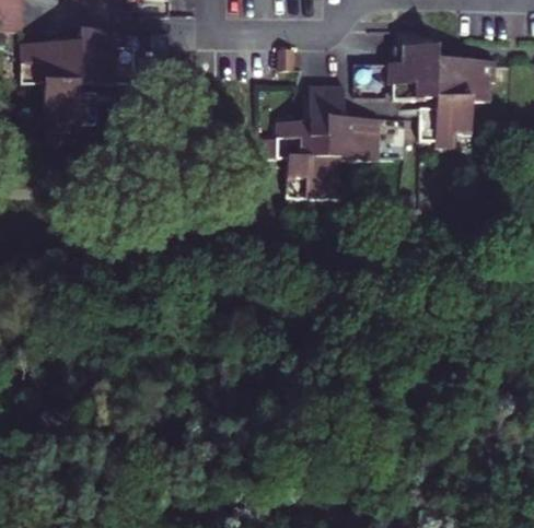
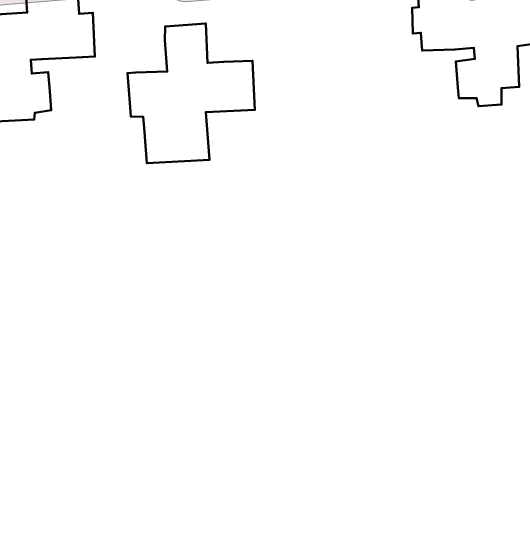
building: [278,85,379,195] -> [128,24,255,163]

